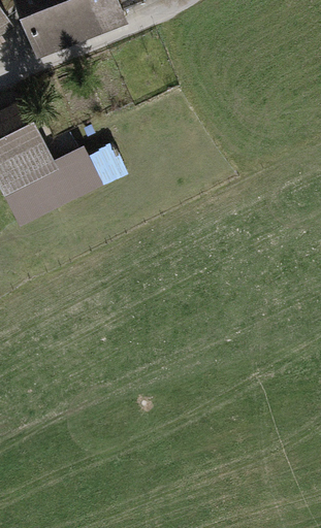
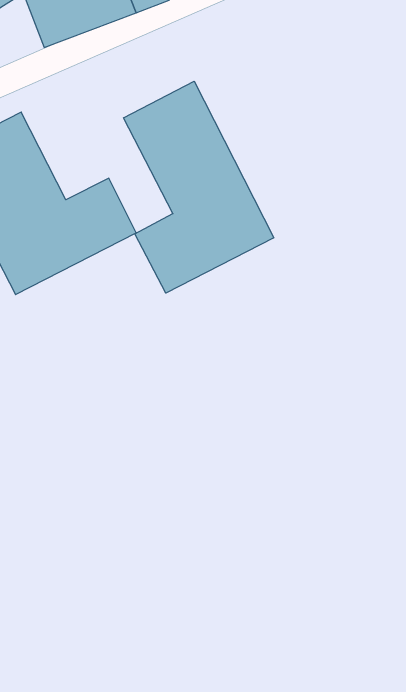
building: none -> [124,81,274,293]

